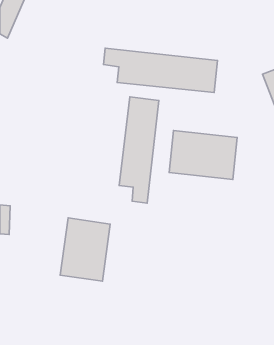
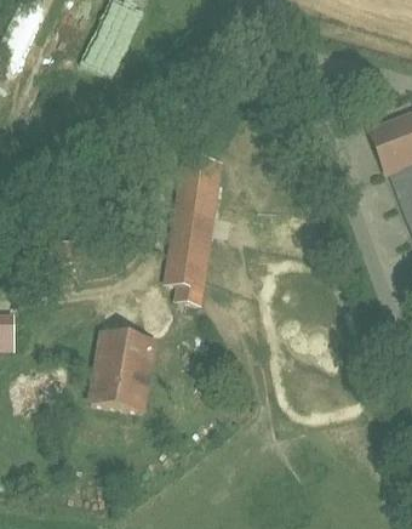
building: [104,48,217,92] -> none
building: [169,130,237,180] -> none

